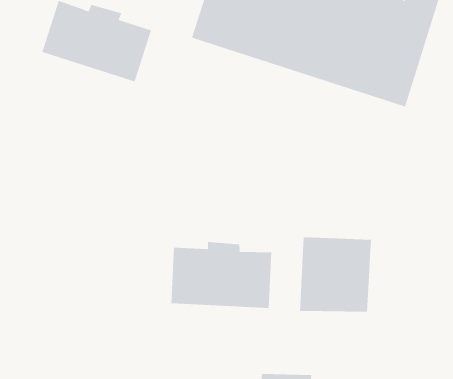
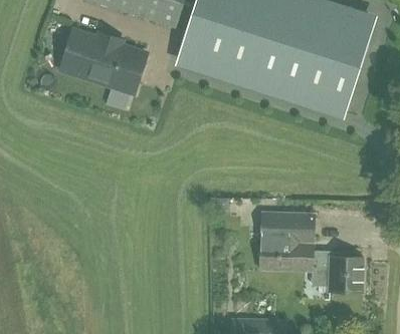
building: [171,241,272,309] -> none
building: none -> [312,252,363,293]

